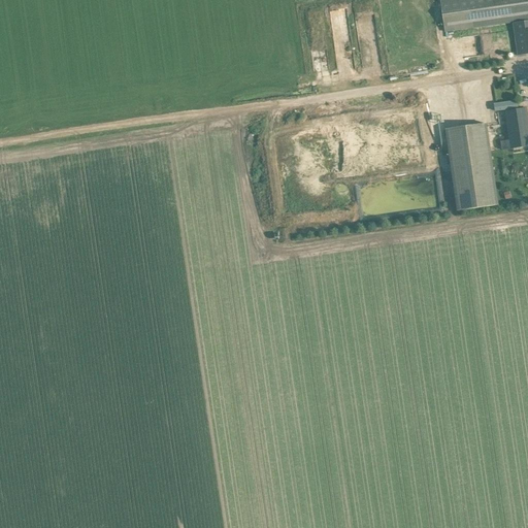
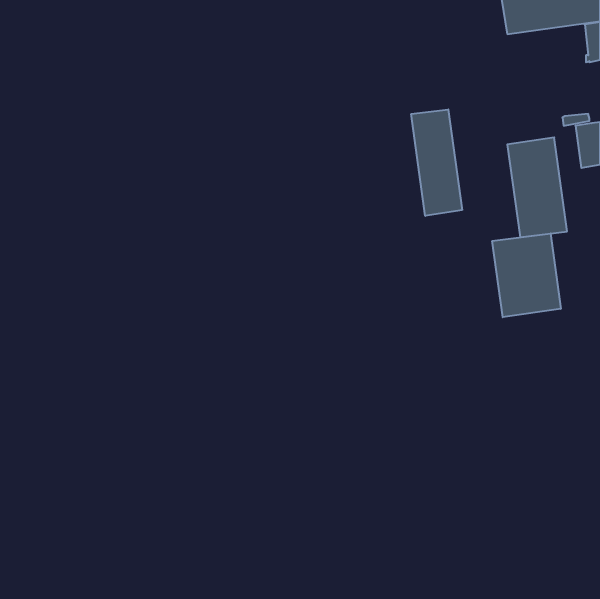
building: none -> [411,109,462,216]
building: none -> [492,233,561,317]

